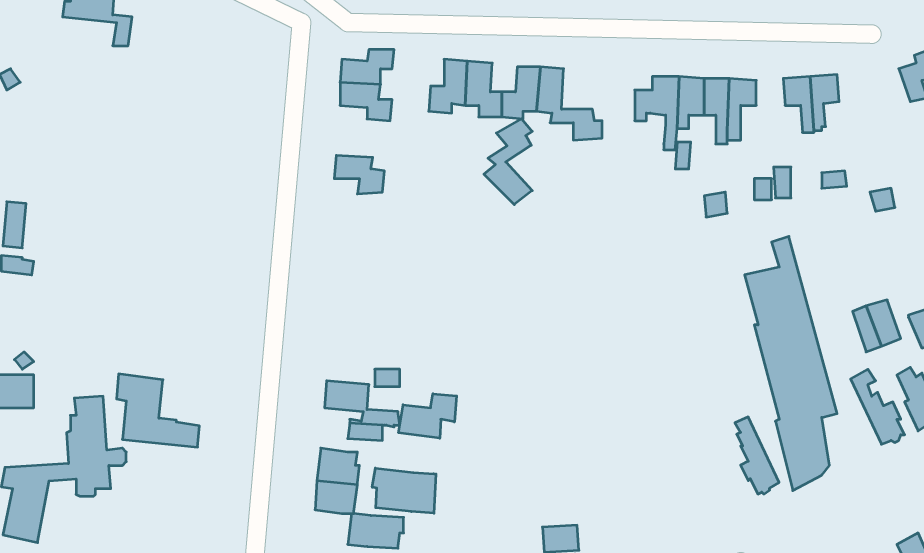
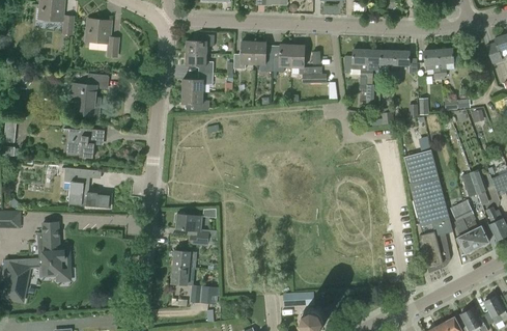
building: none -> [86,19,118,55]
building: [484,119,532,205] -> none
building: none -> [184,72,213,92]
building: none -> [72,73,109,115]
building: none -> [67,128,103,157]
building: [117,374,199,447] -> [65,167,110,206]
building: [399,394,457,438] -> none
building: [735,417,779,494] -> [453,212,477,253]
building: [372,468,436,513] -> none

